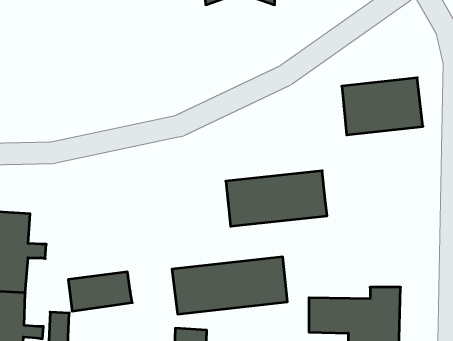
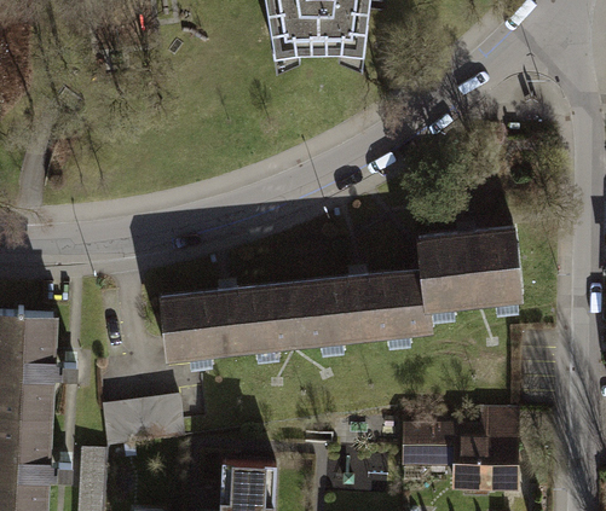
building: [342,78,423,135] -> [420,232,523,304]
building: [172,257,287,314] -> [160,281,306,354]

